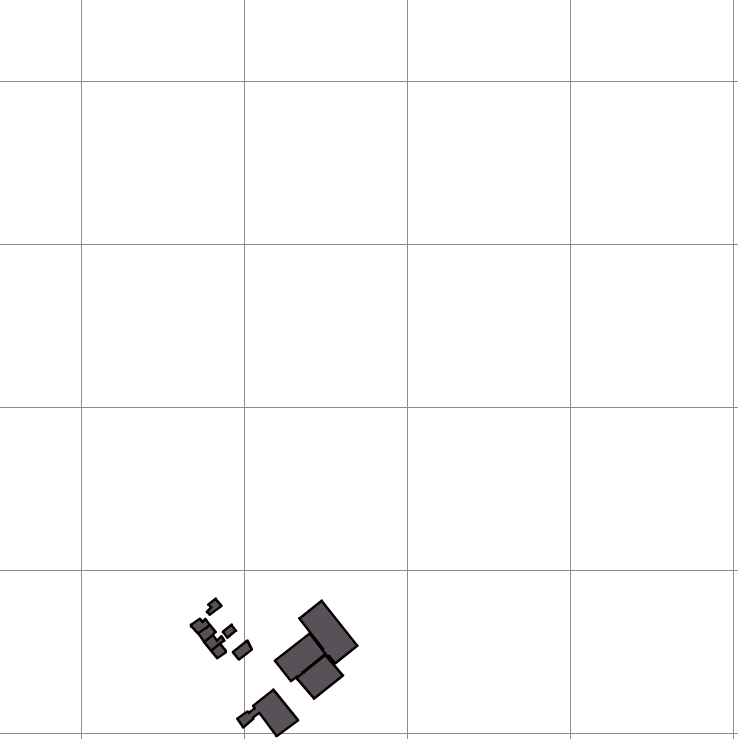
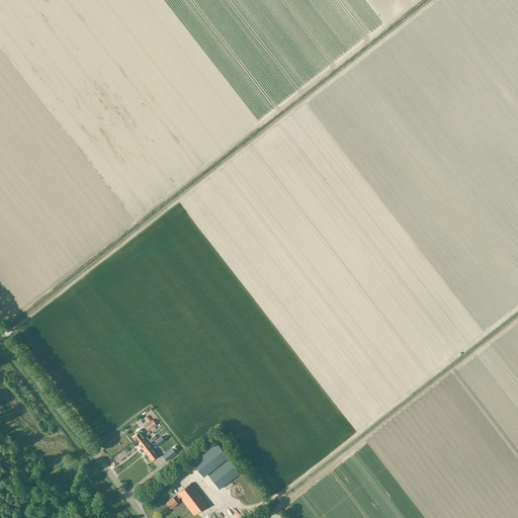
building: [299,601,357,663] -> none

